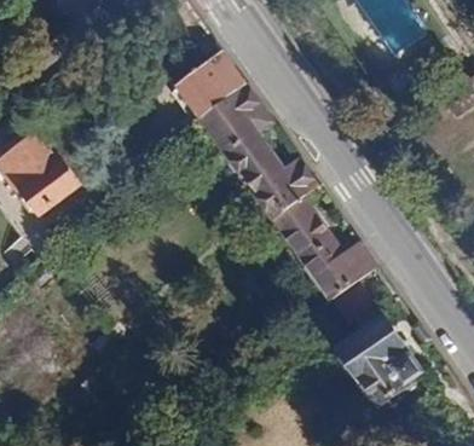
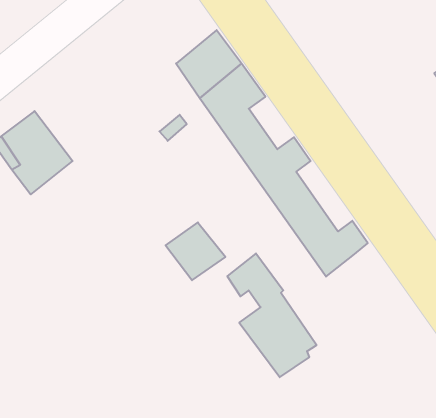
building: none -> [166,222,225,280]
building: [333,276,423,401] -> [227,253,317,377]

